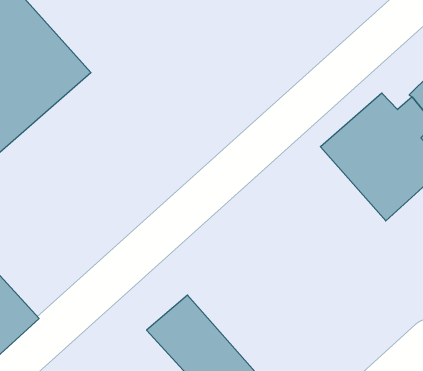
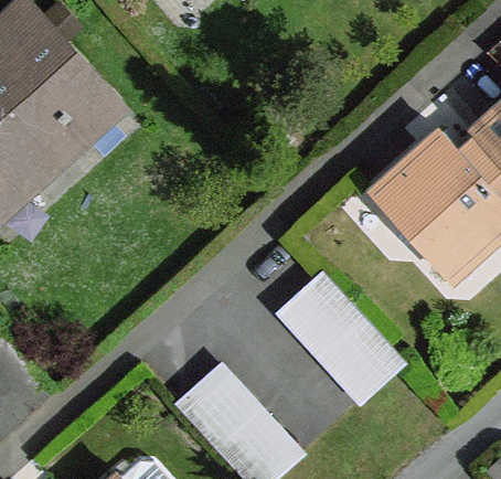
building: none -> [274,273,403,404]

